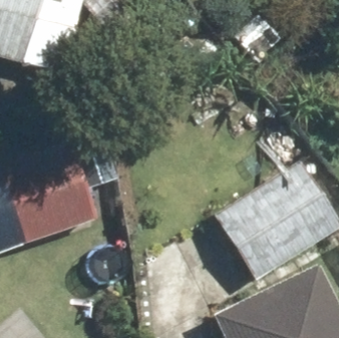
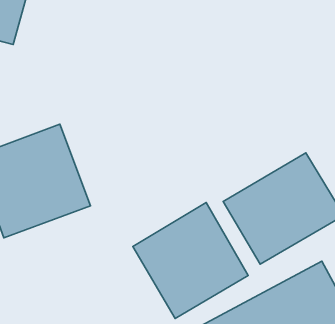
building: none -> [133,203,248,319]

